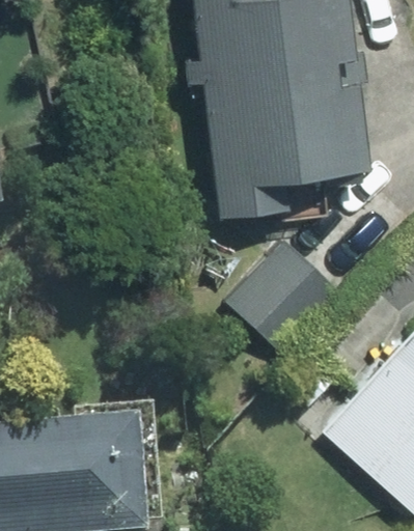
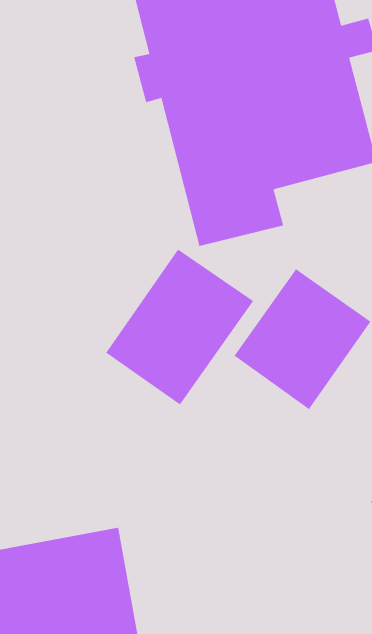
building: none -> [105,249,254,405]

